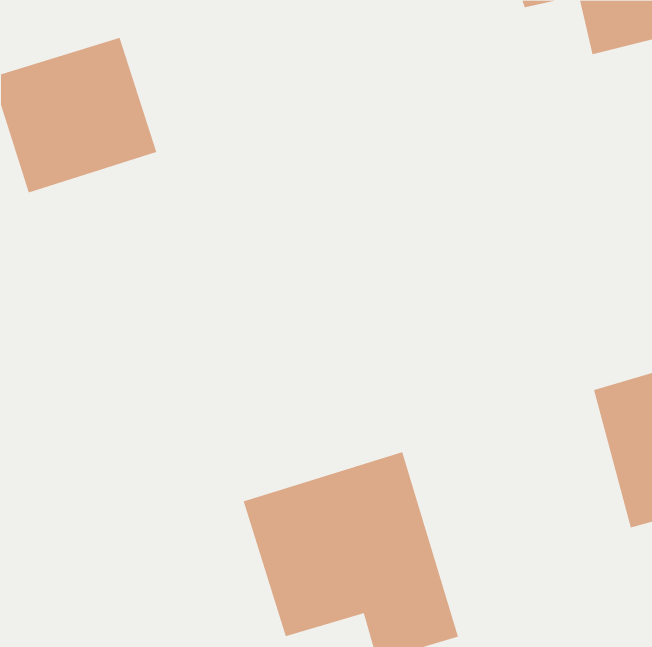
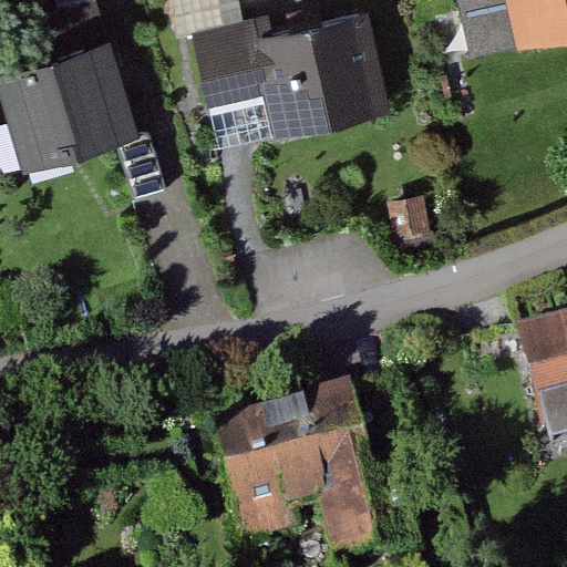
building: none -> [189,11,390,140]

